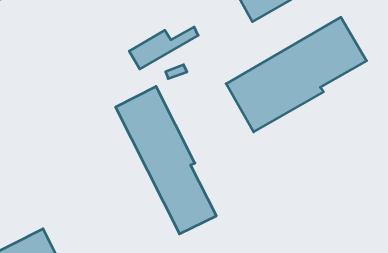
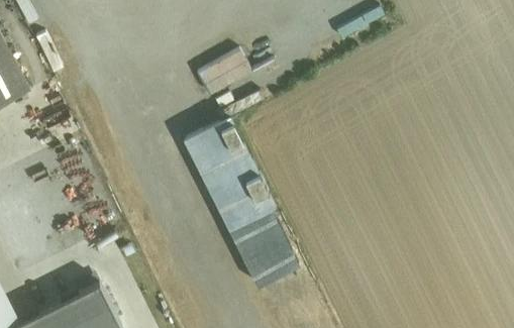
building: [226,17,367,132] -> none

